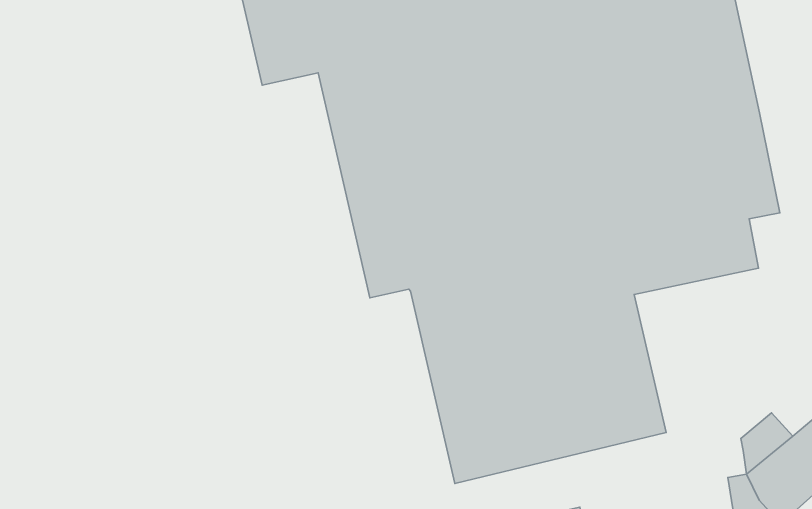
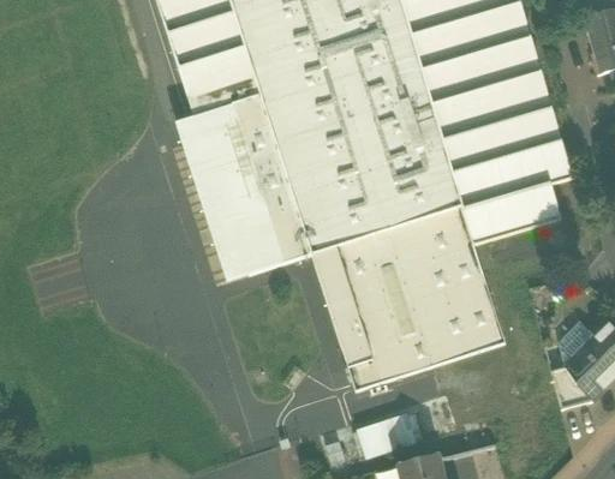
building: none -> [175,103,283,281]

